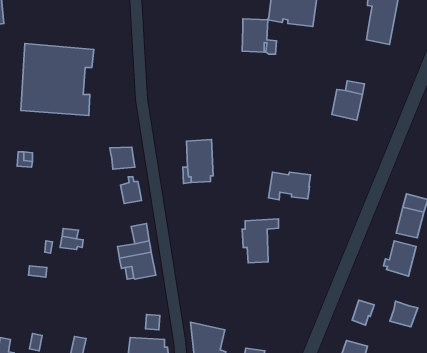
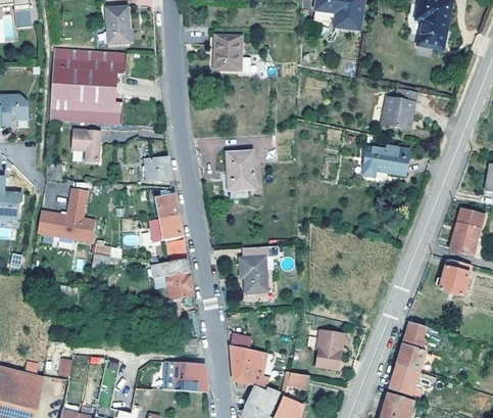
building: none -> [105,6,129,43]
building: [242,19,276,54] -> [213,34,250,72]
building: none -> [71,129,100,160]
building: [269,172,311,200] -> [362,145,407,175]
building: none -> [37,187,94,240]
building: none -> [149,215,182,241]
building: [242,219,279,263] -> [239,245,278,292]
building: [390,301,418,327] -> [396,342,426,370]
building: none -> [315,330,337,368]

